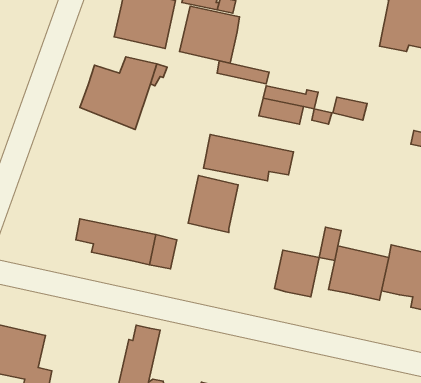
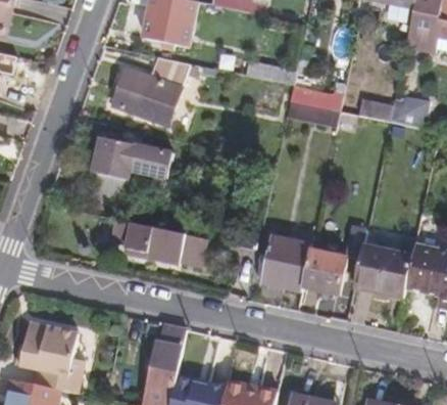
building: [179,6,240,63] -> none
building: none -> [390,93,430,127]
building: [203,135,293,181] -> none
building: none -> [89,138,171,207]
building: [188,175,238,233] -> [262,233,311,289]

